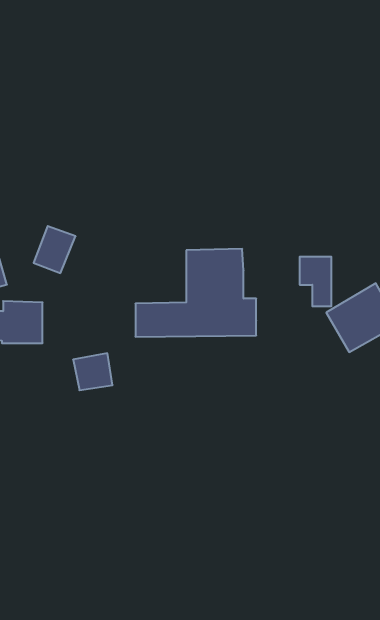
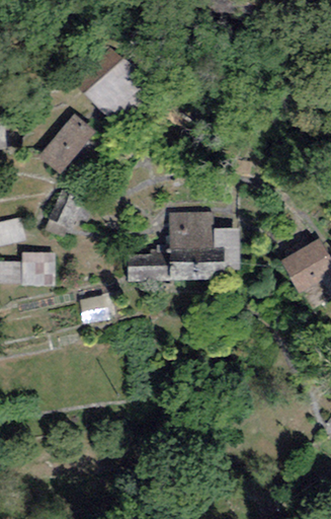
building: none -> [85,61,143,119]
building: none -> [37,113,94,173]
building: [300,257,331,306] -> [215,227,240,267]

